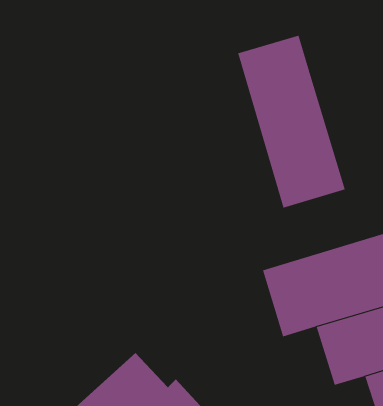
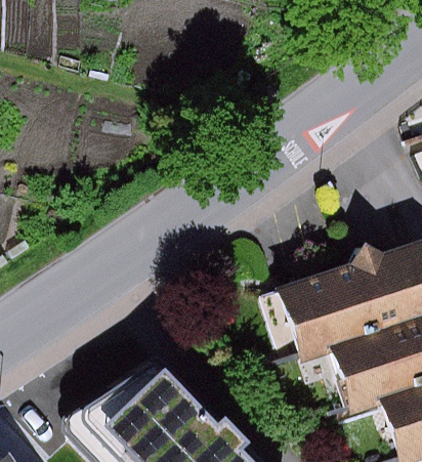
building: [237,35,345,208] -> none

